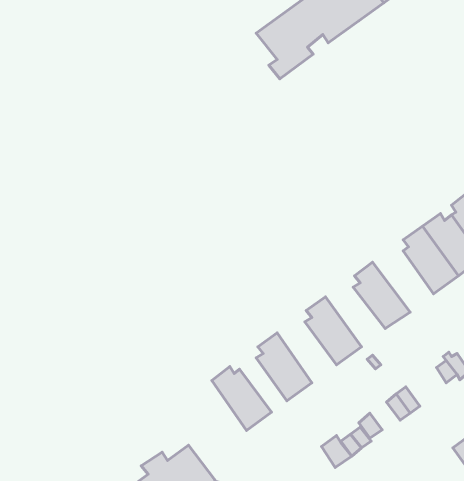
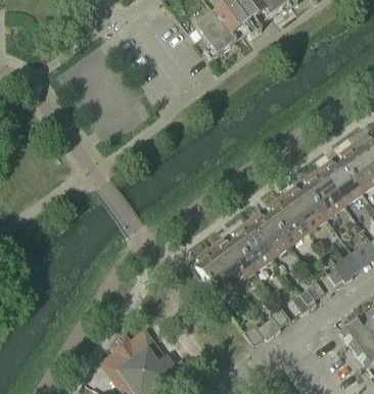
building: none -> [281,185,326,232]
building: none -> [246,211,290,257]
building: [212,367,271,430] -> [211,237,254,284]

